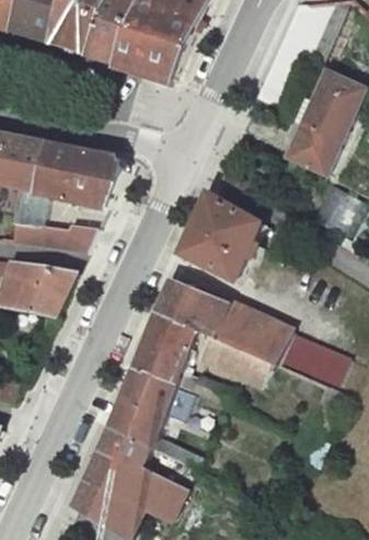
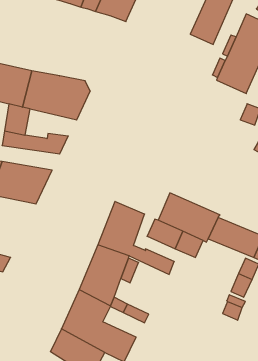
building: [182,192,263,280] -> none
building: [155,278,227,335] -> none

